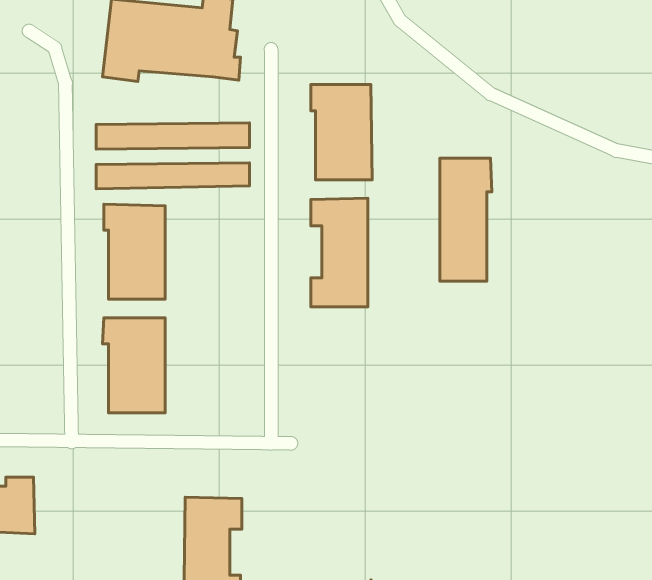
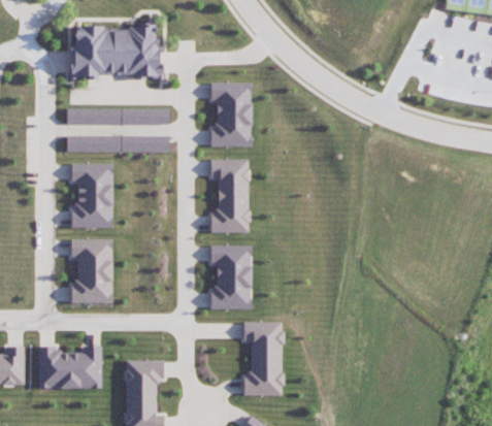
building: [440,158,492,281] -> none
building: none -> [209,245,252,309]
building: none -> [243,322,283,395]
building: none -> [38,347,101,389]

